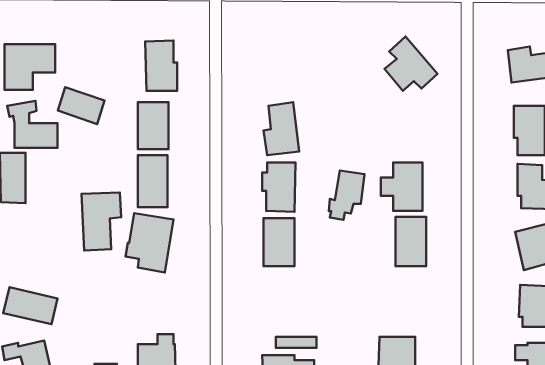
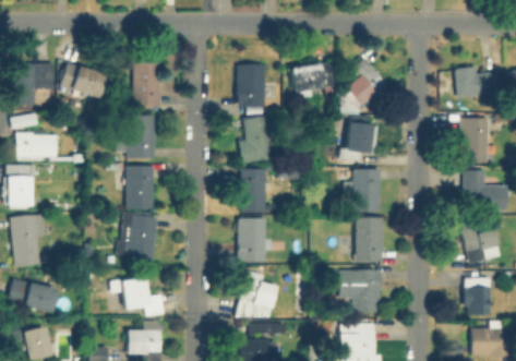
building: none -> [291,61,335,95]
building: none -> [238,67,265,107]
building: [58,87,105,124] -> [62,64,104,97]
building: [329,170,364,220] -> [340,122,372,166]
building: [82,193,121,251] -> [11,215,46,266]
building: none -> [238,270,277,314]
building: none -> [339,270,379,313]
building: none -> [121,277,165,315]

